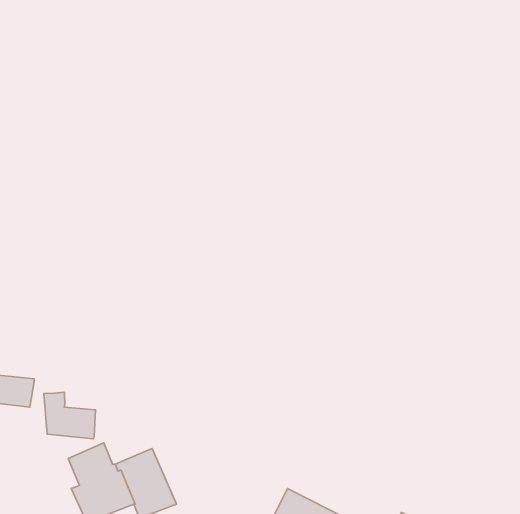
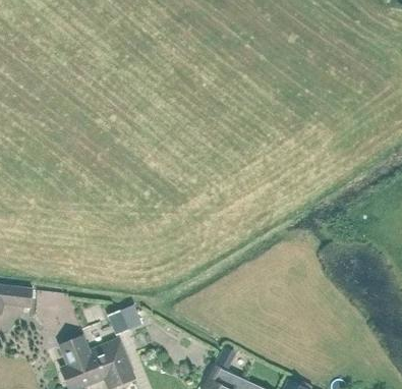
building: [44,392,95,439] -> none
building: none -> [109,305,141,333]

